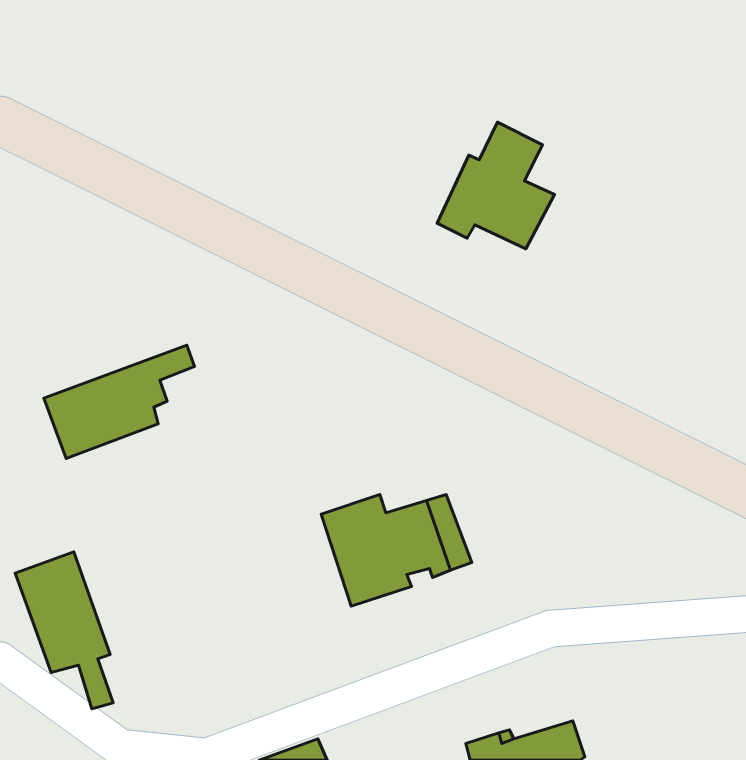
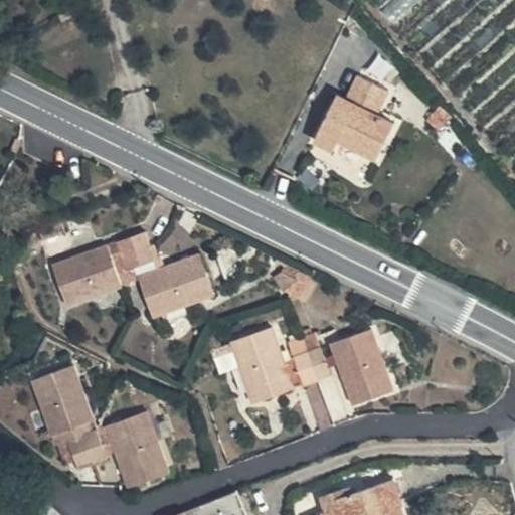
building: none -> [119,244,210,318]
building: none -> [331,326,392,401]
building: none -> [81,413,164,486]

